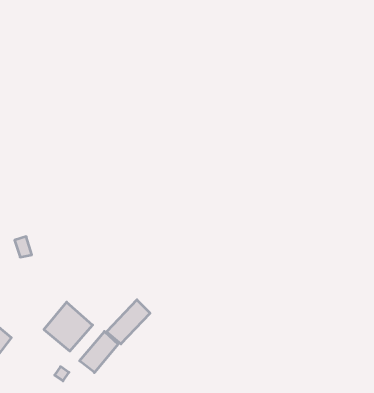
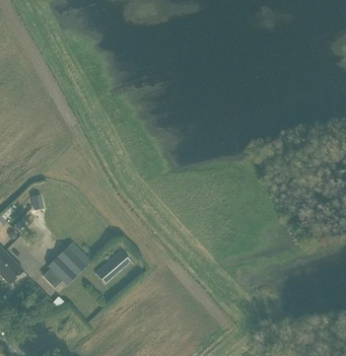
building: [80,331,118,373] -> none

